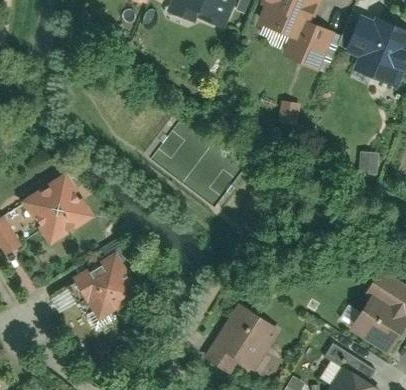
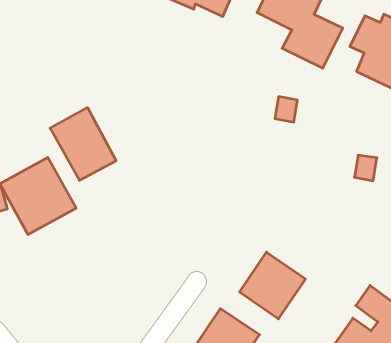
building: none -> [50,108,116,180]
building: none -> [240,252,305,319]
building: [75,252,142,321] -> none

